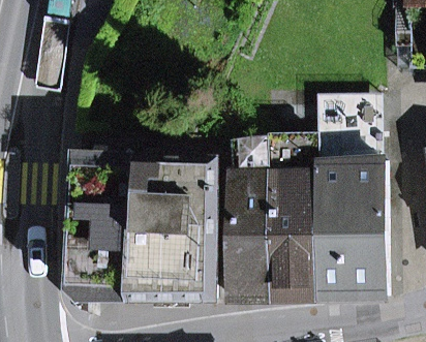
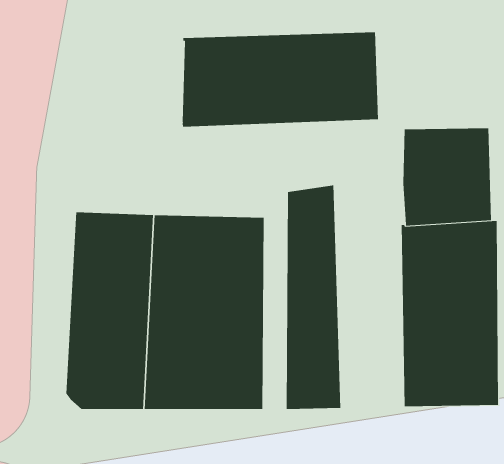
building: none -> [182,32,378,127]
building: [264,137,315,301] -> none

